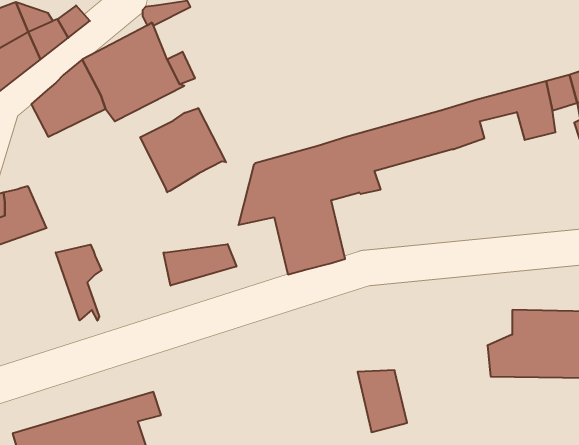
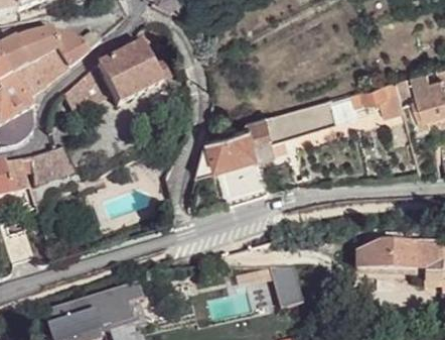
building: [140,108,226,192] -> none
building: [163,244,236,286] -> none
building: [56,245,102,321] -> none

